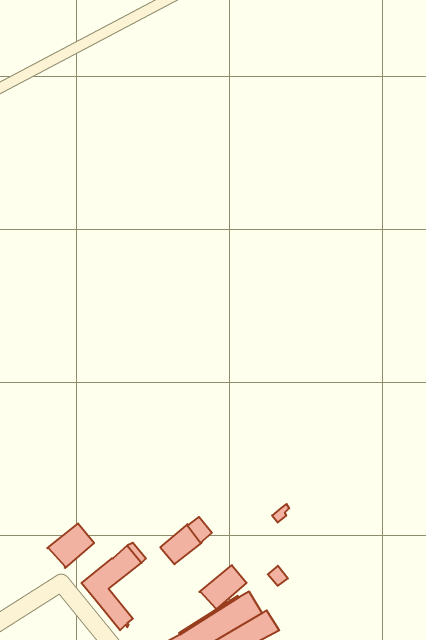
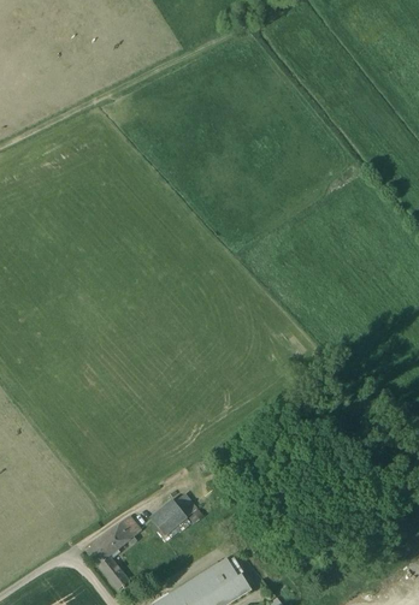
building: [47,523,94,568] -> none
building: [199,565,247,610] -> none

